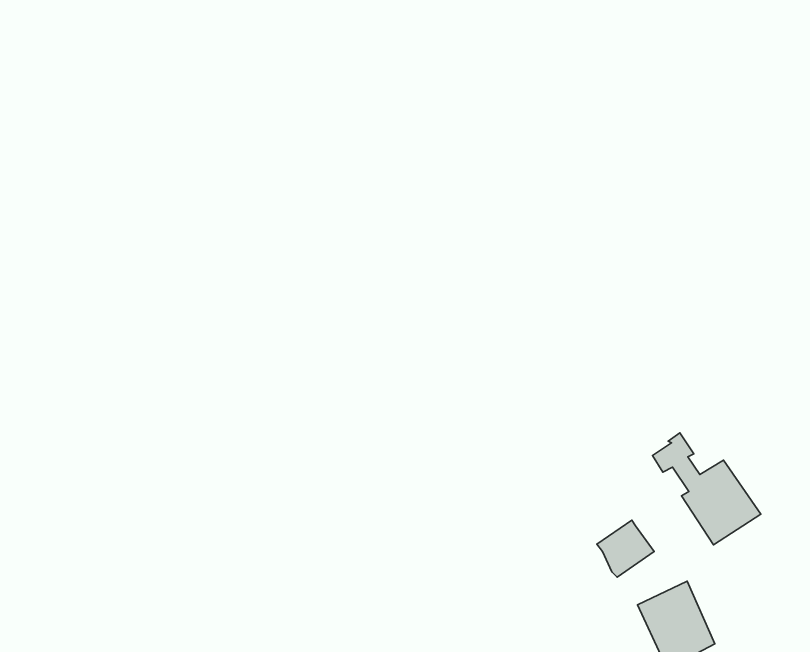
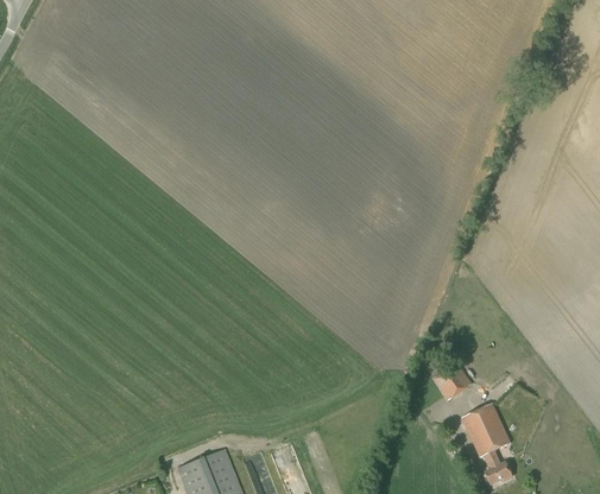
building: [653,433,761,545] -> none

